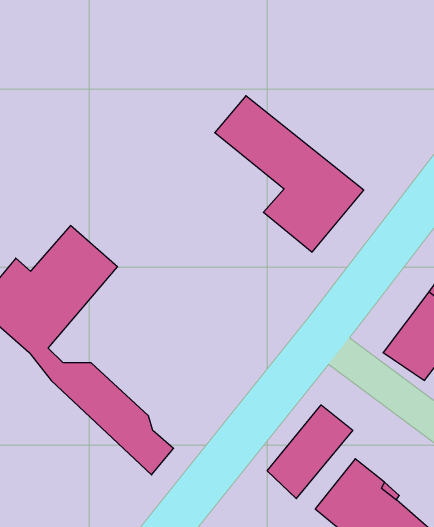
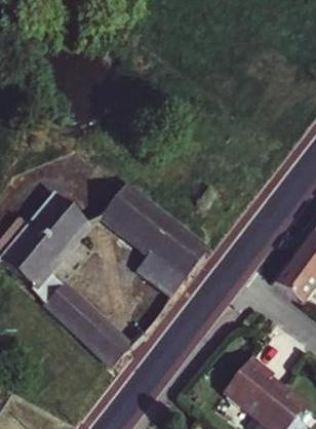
building: [215,96,364,252] -> [102,189,205,298]
building: [267,405,353,499] -> none

